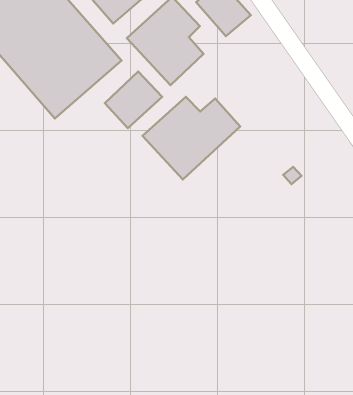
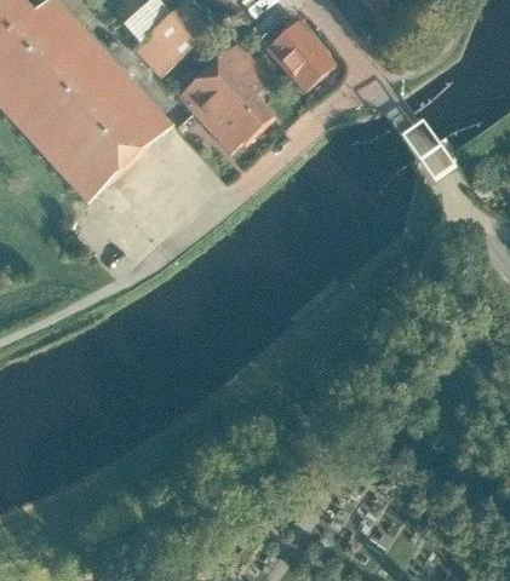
building: [105,72,162,128] -> none
building: [143,97,240,180] -> none

